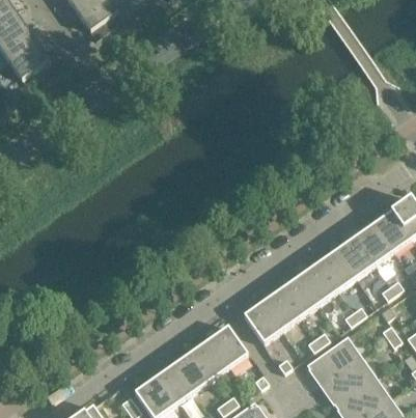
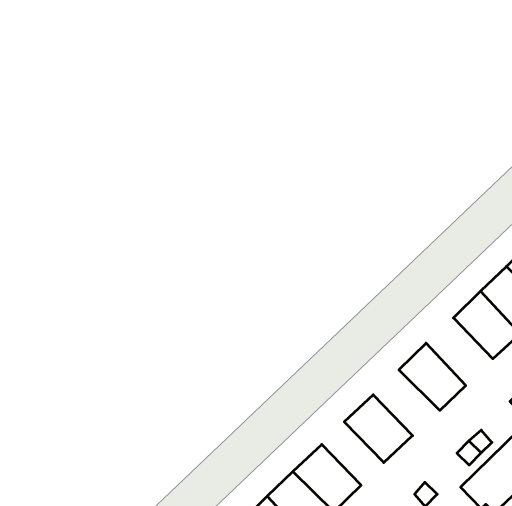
building: [300,262,338,304] -> none
building: [264,288,302,329] -> none

